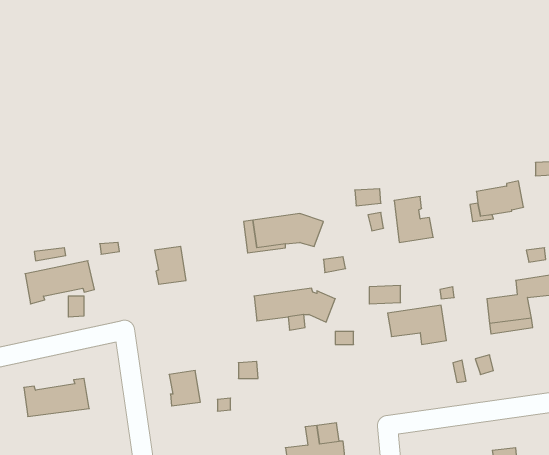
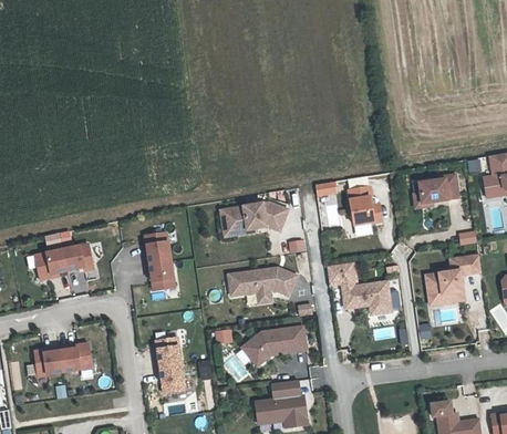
building: none -> [148,259,176,289]
building: none -> [242,324,307,365]
building: none -> [159,362,187,392]

